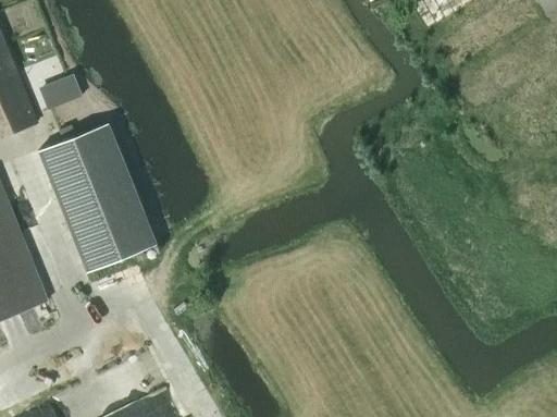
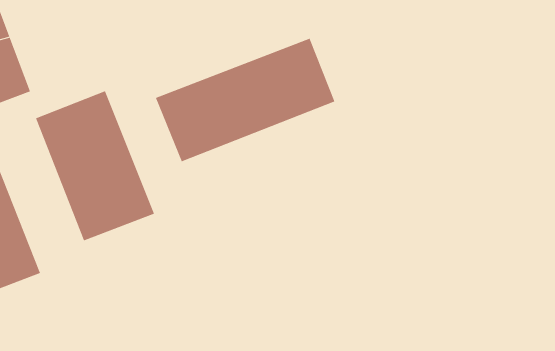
building: none -> [155,38,335,162]
building: [40,76,82,109] -> none

